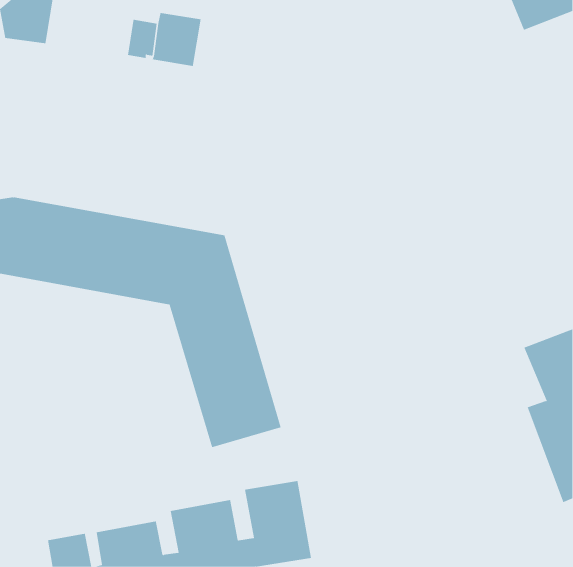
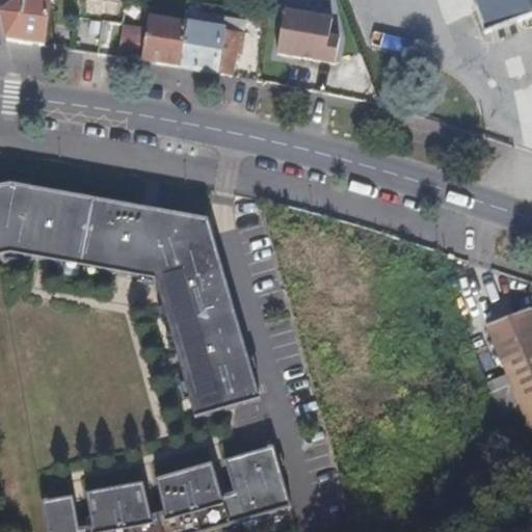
building: none -> [275,4,338,59]
building: none -> [179,18,243,70]

